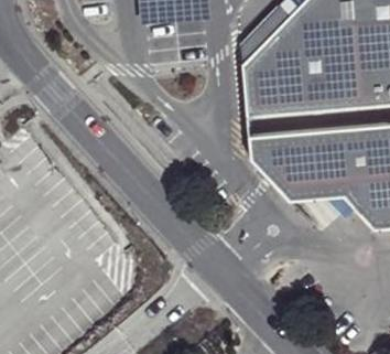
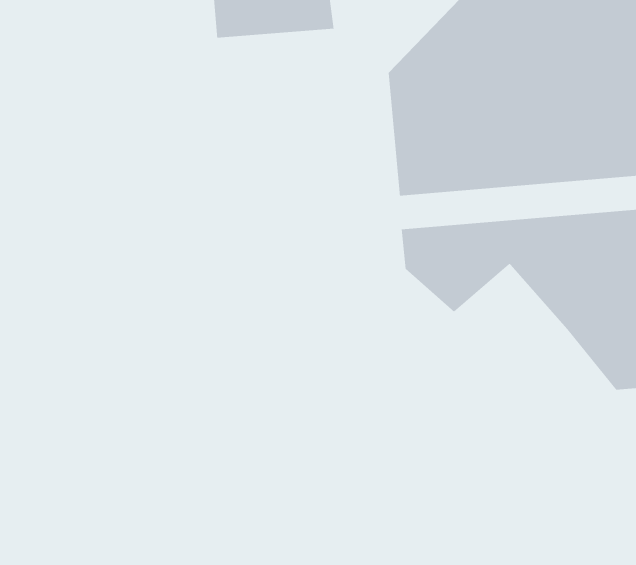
building: [279,154,344,195] -> none

